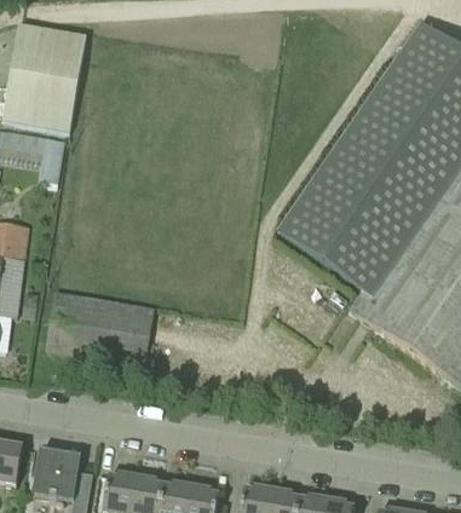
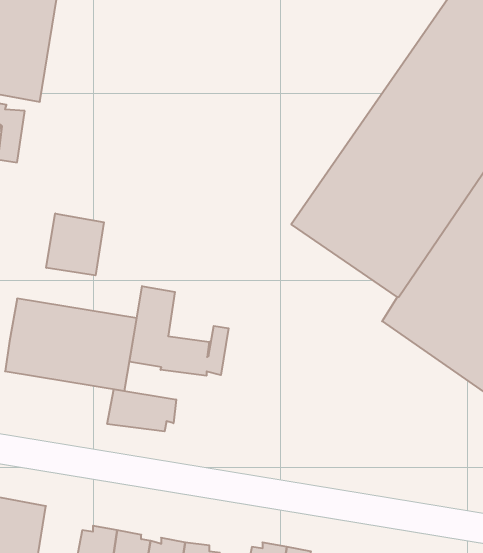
building: none -> [46,213,104,275]
building: none -> [130,286,229,376]
building: none -> [107,389,176,431]

